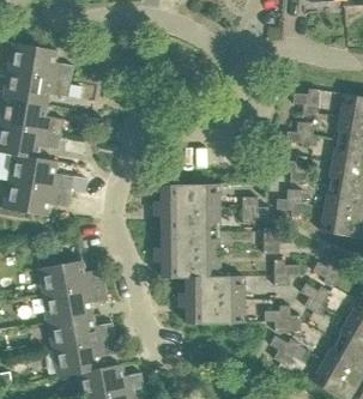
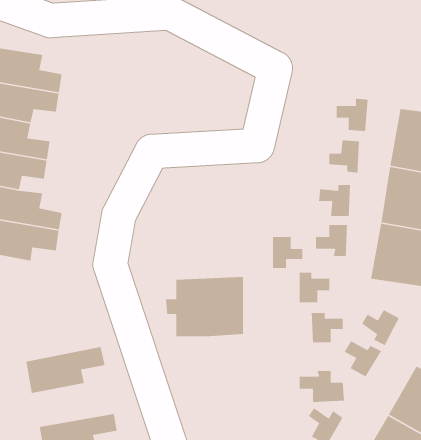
building: [155,185,218,231] -> none
building: [37,261,103,297] -> none
building: [180,276,243,322] -> none
building: [47,315,114,350] -> none

